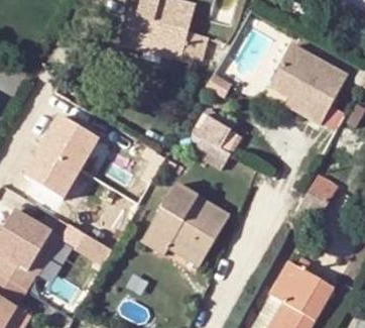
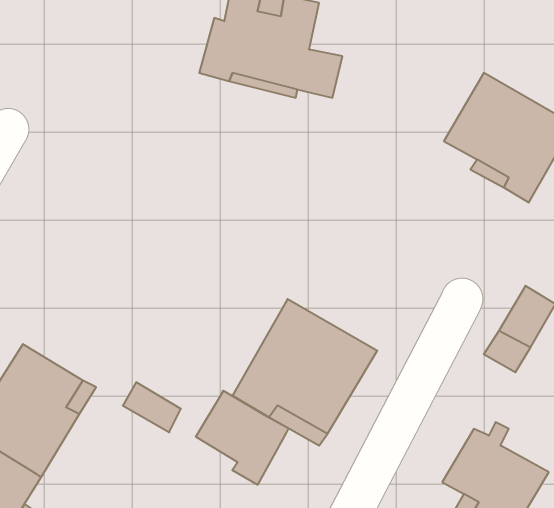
building: [191,110,240,168] -> none
building: [19,111,101,199] -> none
building: none -> [196,391,289,485]

